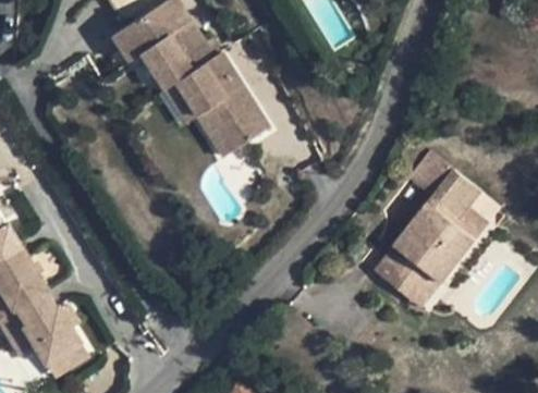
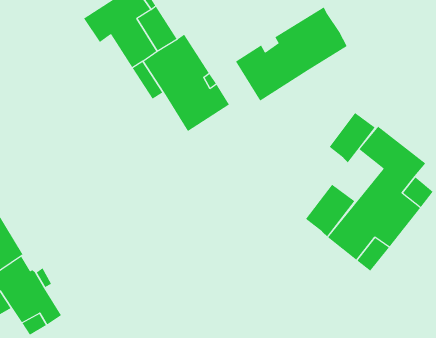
building: none -> [235,6,348,102]
building: none -> [329,112,376,163]
building: none -> [305,184,355,237]

